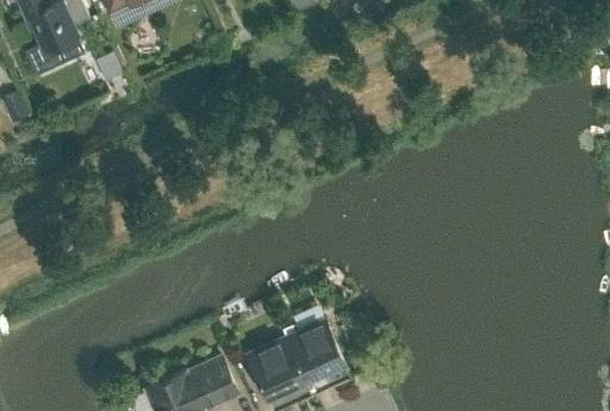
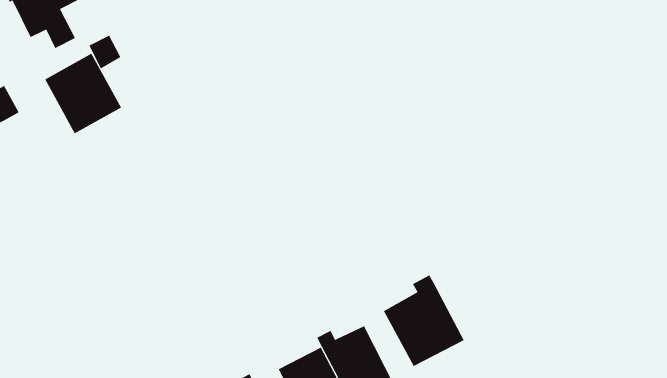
building: none -> [44,53,122,134]
building: none -> [383,275,464,367]

